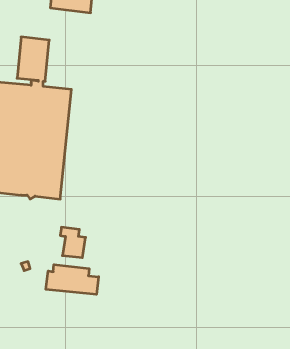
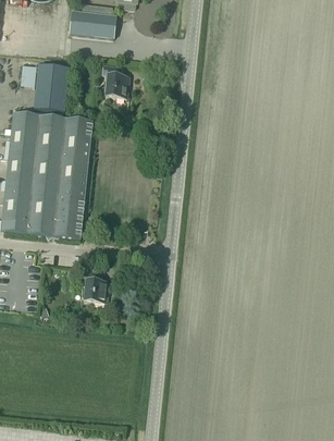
building: none -> [102,65,128,98]
building: [46,265,99,294] -> none

